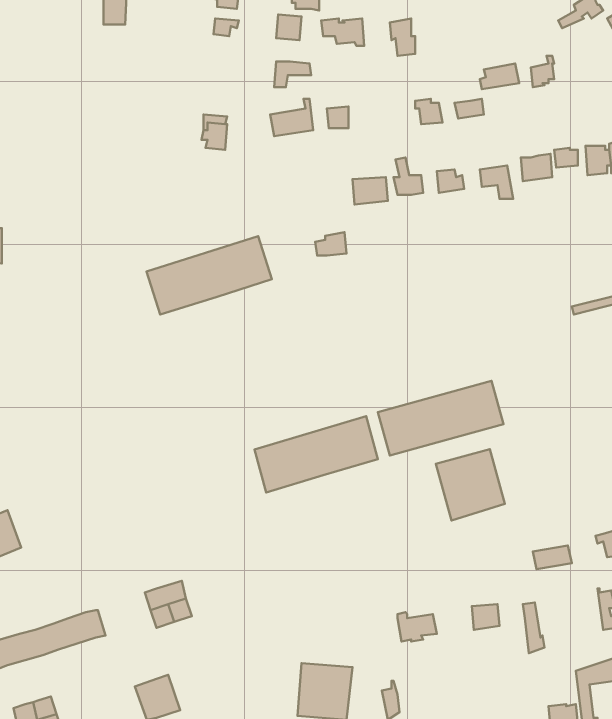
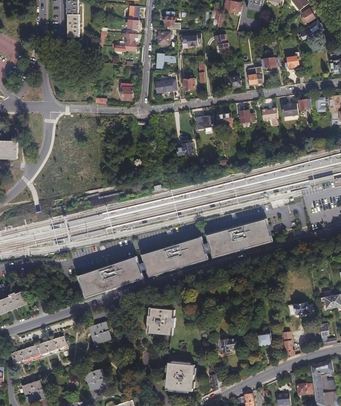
building: [146,236,272,314] -> [82,255,146,295]
building: [436,449,505,521] -> none
building: none -> [148,307,177,334]

